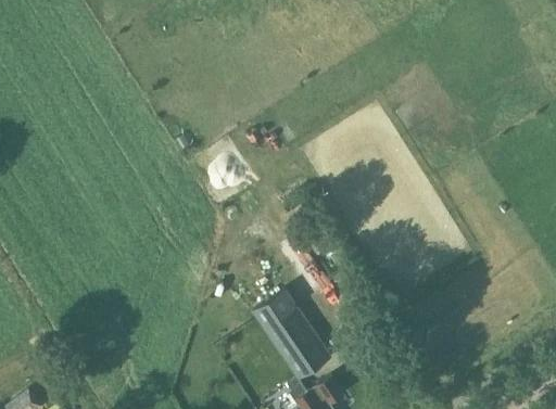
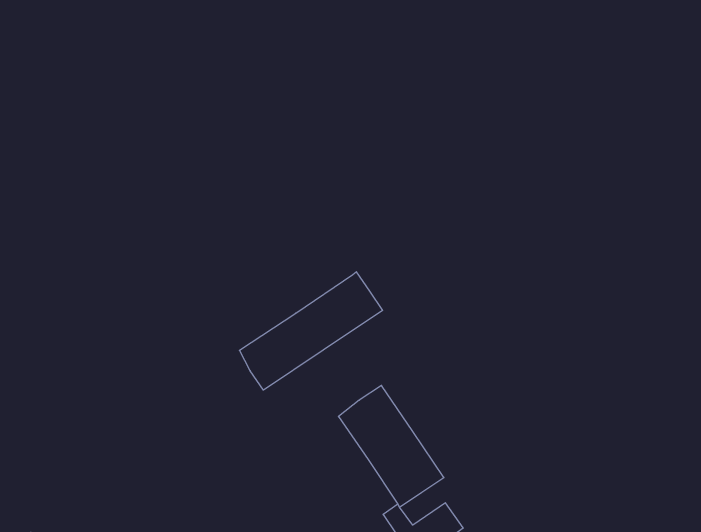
building: none -> [239,272,383,390]

